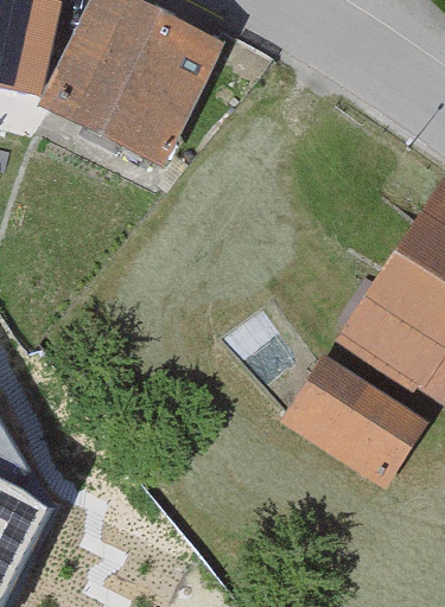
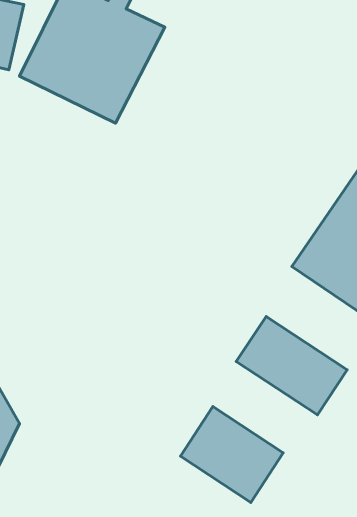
building: none -> [181,406,283,502]

